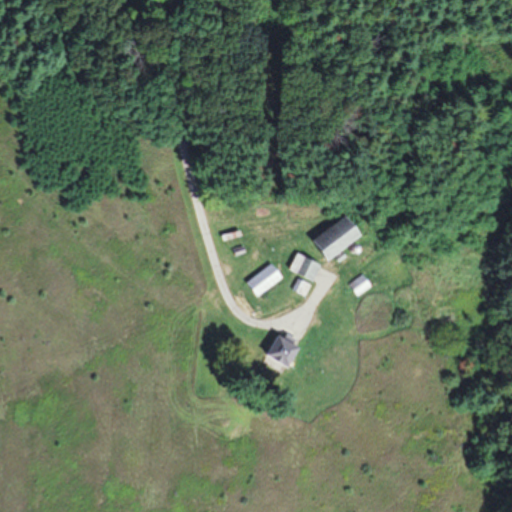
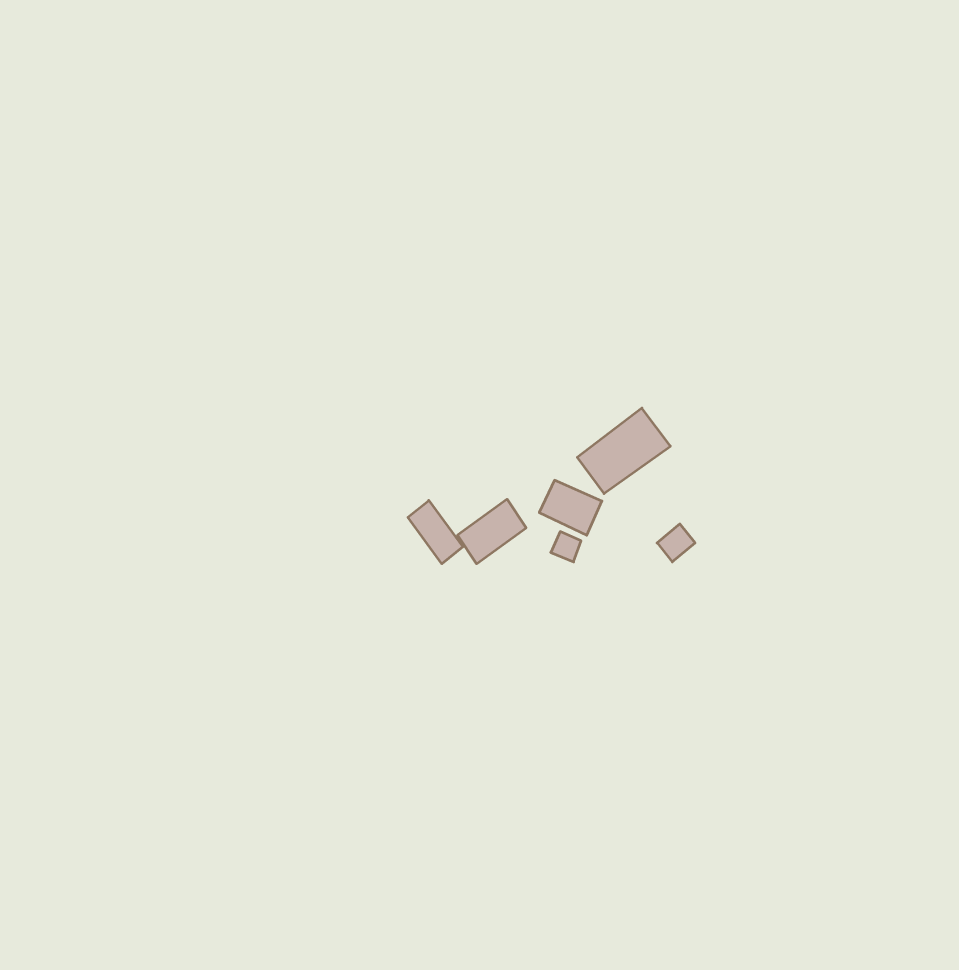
building: none -> [408,500,463,564]
building: [265,334,300,369] -> none

